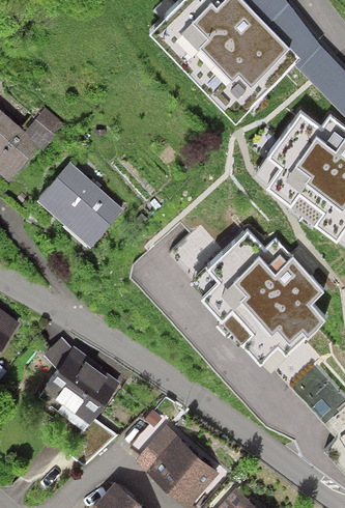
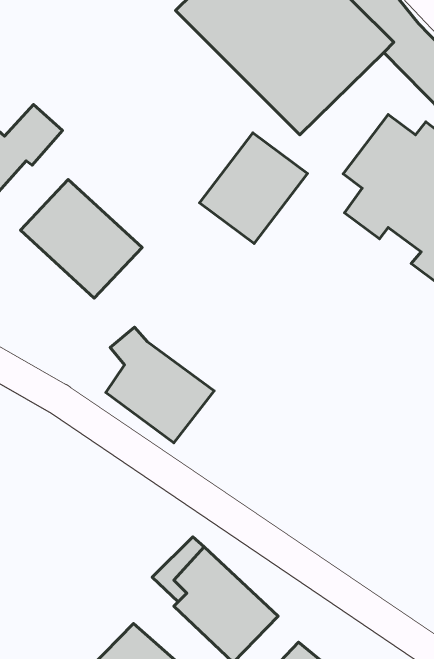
building: none -> [200,133,307,243]
building: [217,238,317,346] -> none
building: [41,339,119,422] -> [106,327,214,443]

